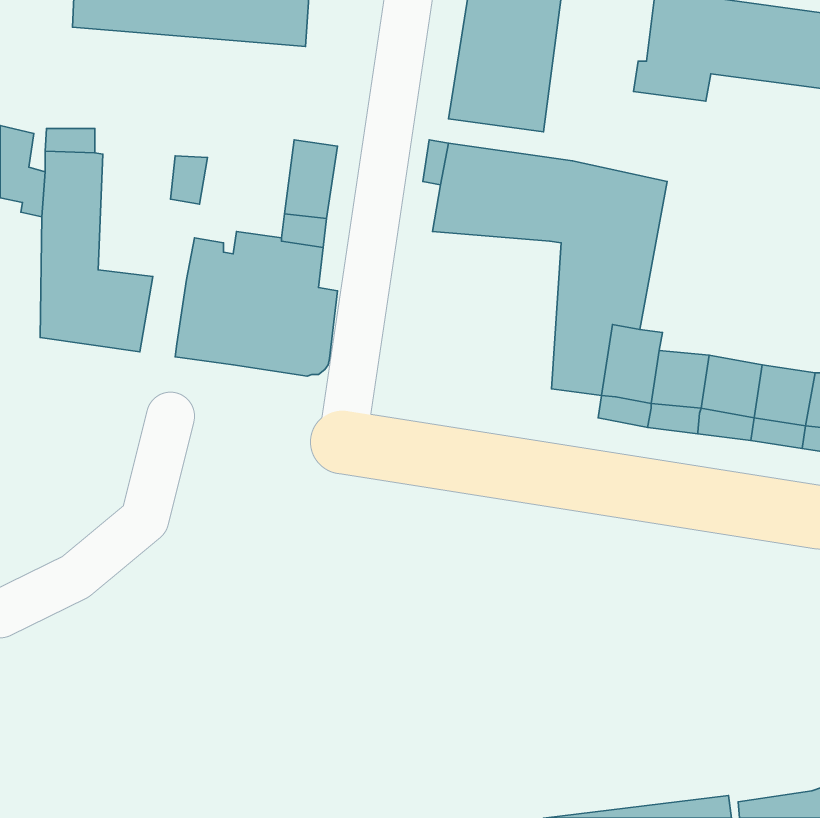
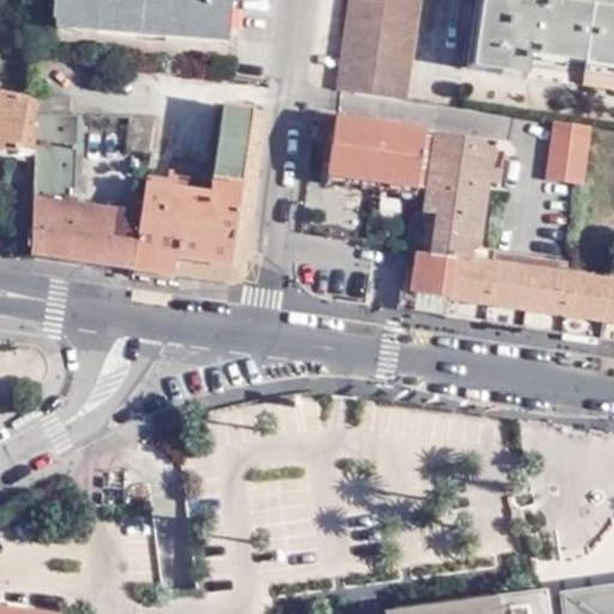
building: none -> [544,120,590,183]
building: none -> [106,206,140,266]

